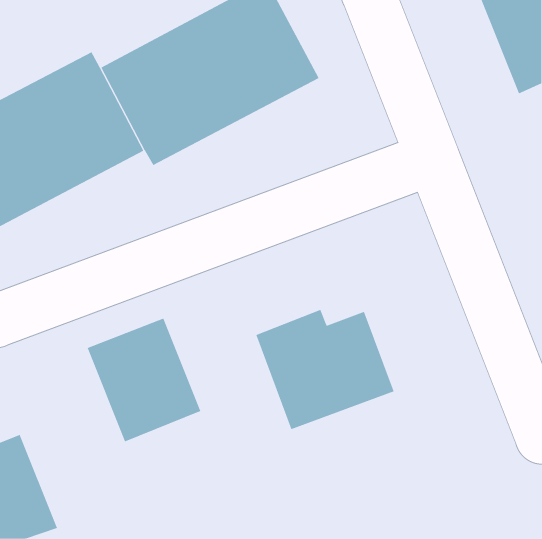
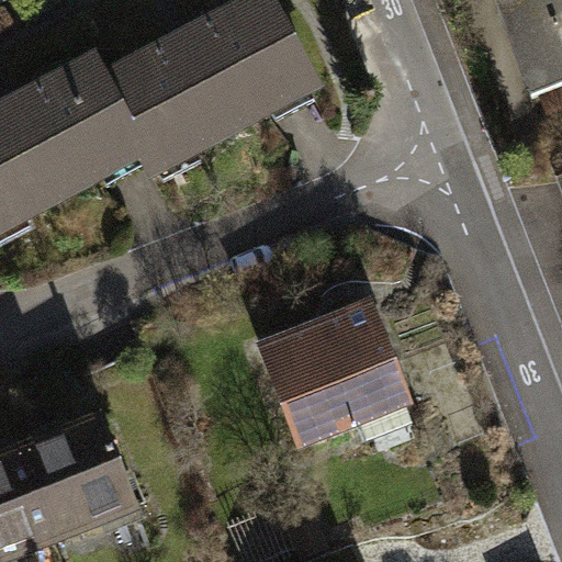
building: [87,318,201,442] -> [21,415,138,542]

